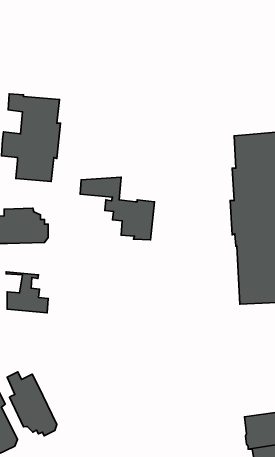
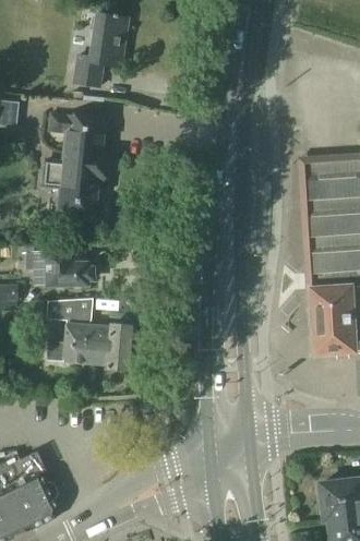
building: none -> [73,14,128,87]
building: [80,177,154,240] -> [46,298,131,370]
building: [7,372,57,436] -> none

